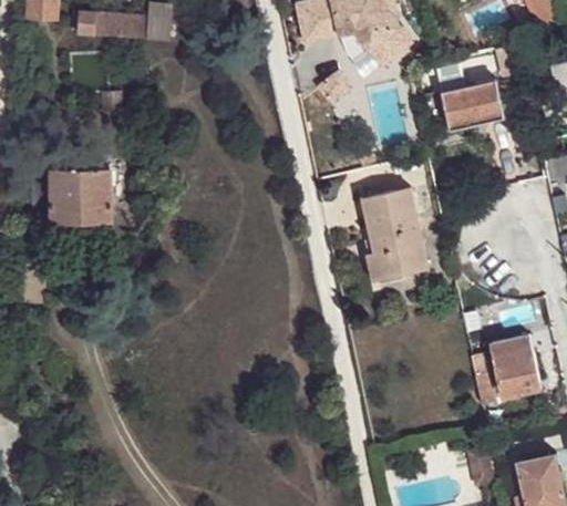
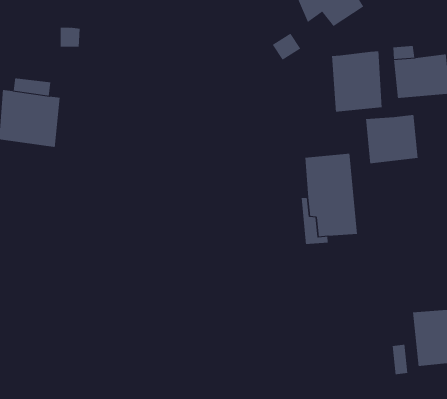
building: none -> [331,51,382,113]
building: none -> [365,114,418,164]

